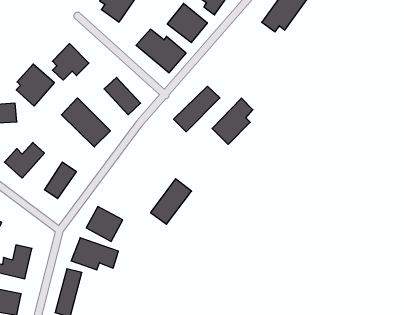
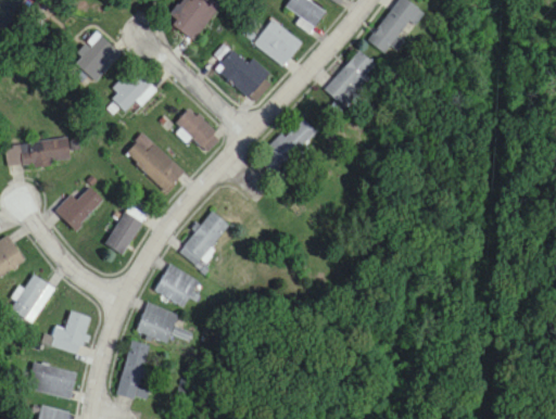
building: [16,64,54,106] -> [75,30,122,81]
building: [212,98,253,144] -> [325,50,375,106]
building: [151,179,192,224] -> [180,211,230,266]

